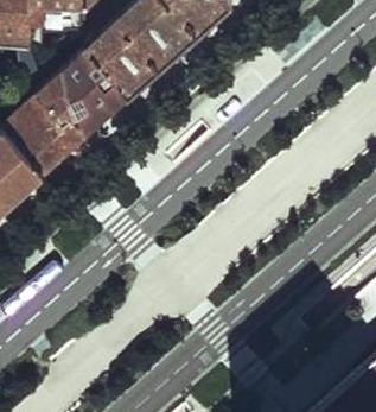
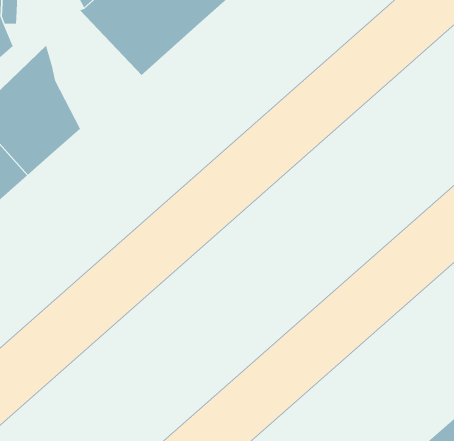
building: [63,47,135,138] -> none

